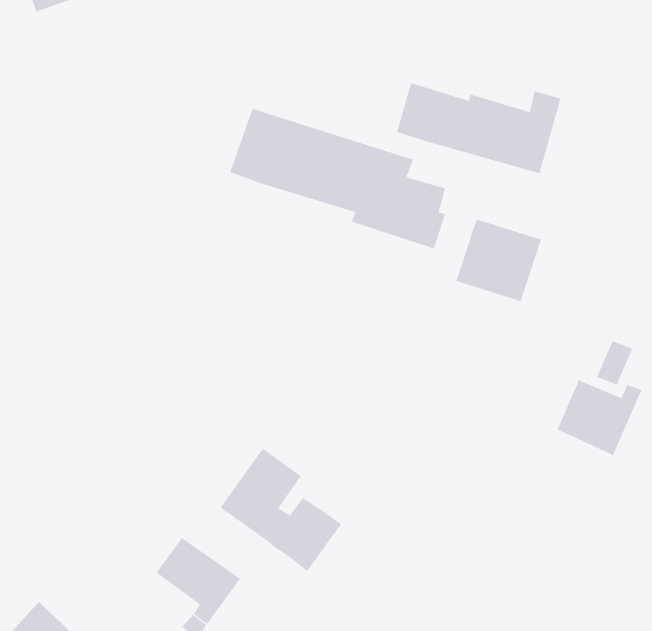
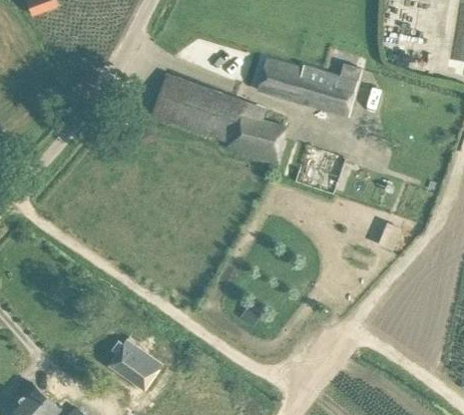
building: [557,380,642,456] -> none
building: [220,448,342,572] -> none

